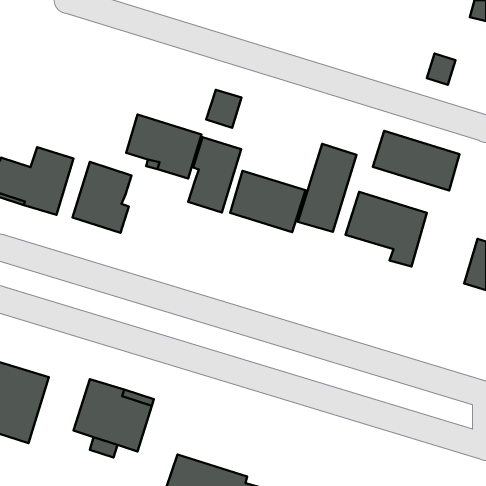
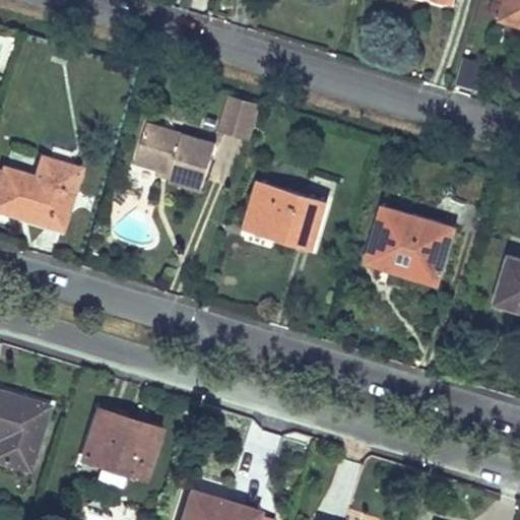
building: [373,131,460,190] -> none
building: [188,137,241,213] -> none
building: [298,144,357,232] -> none
building: [72,162,132,233] -> none

